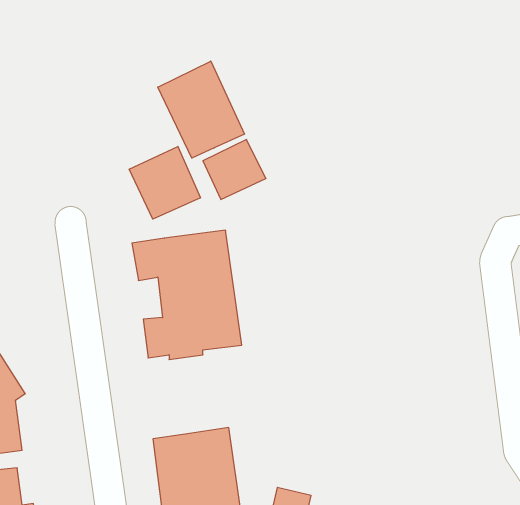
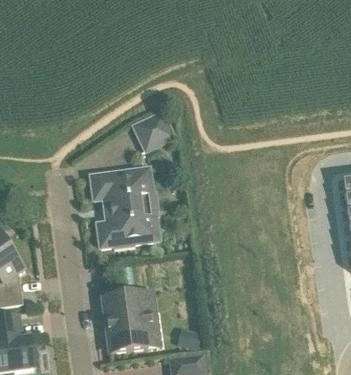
building: [158,61,244,158] -> none
building: [129,146,200,219] -> none

